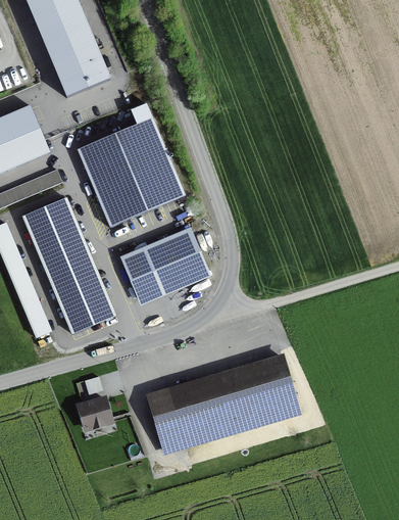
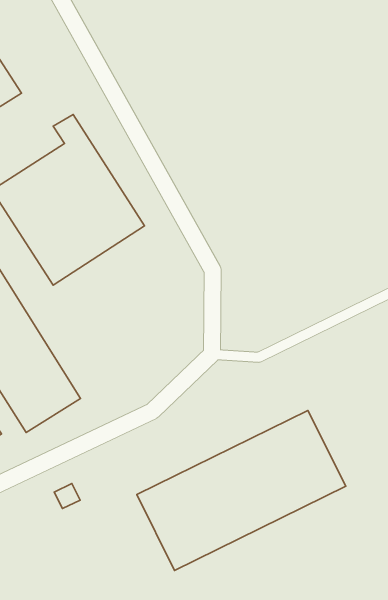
building: [119,226,210,304] -> none
building: [74,395,114,442] -> none

